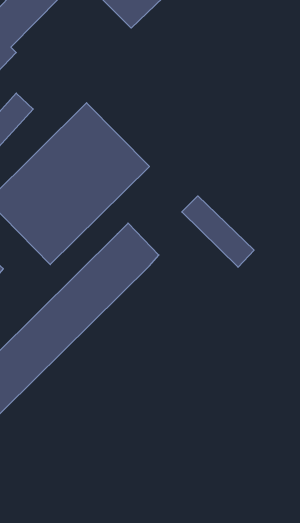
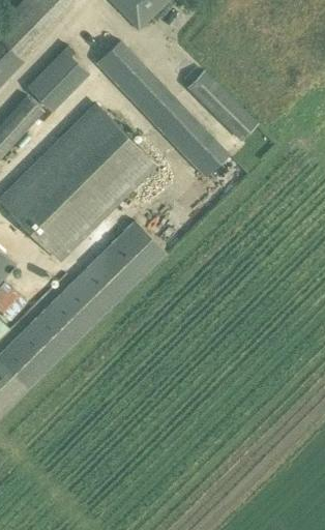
building: none -> [97,41,230,178]
building: none -> [27,46,89,112]
building: [182,196,254,267] -> [188,71,259,141]

